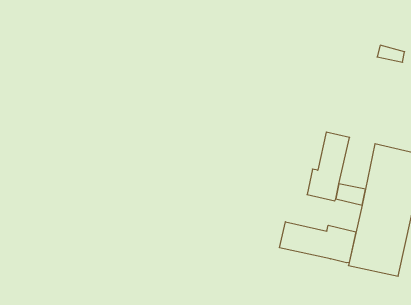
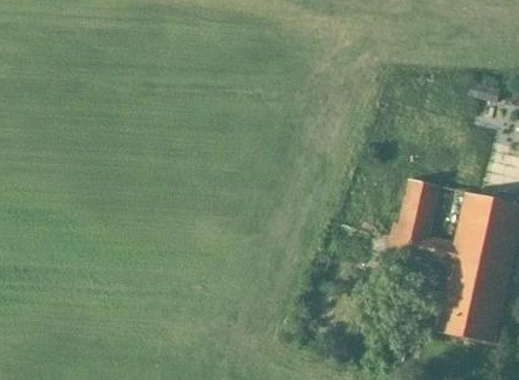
building: [280,222,356,263] -> none

